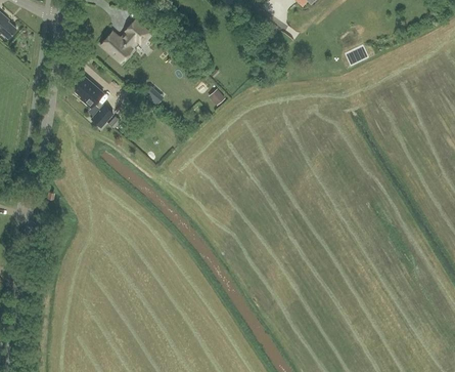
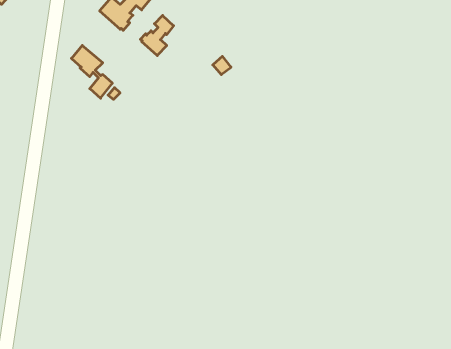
building: none -> [140,15,174,56]

